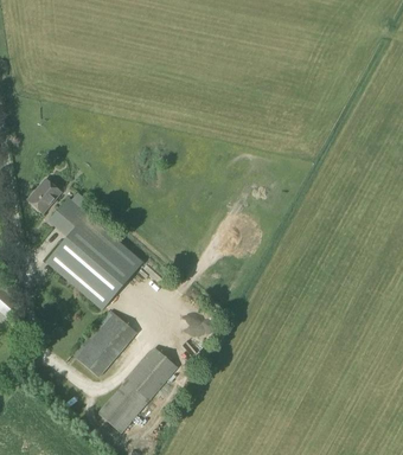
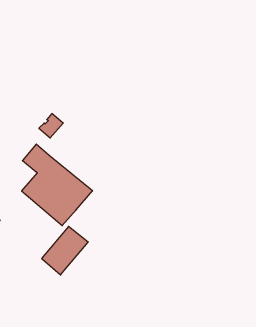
building: [26,179,59,212] -> [39,114,63,138]
building: [98,346,178,432] -> none

